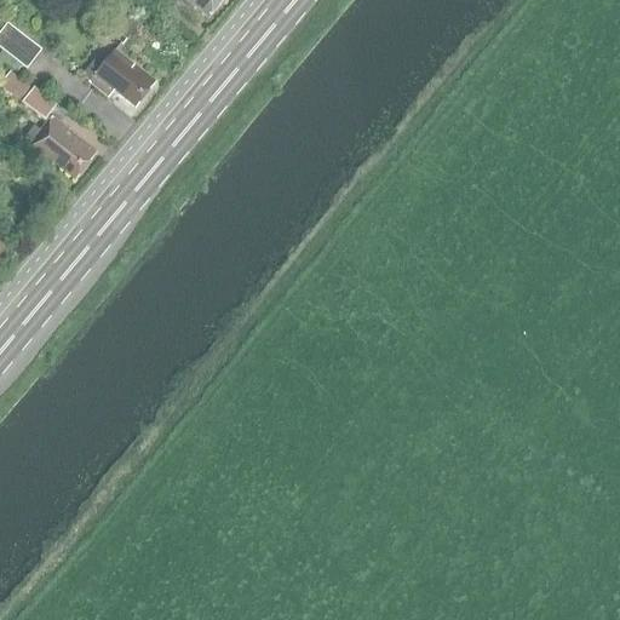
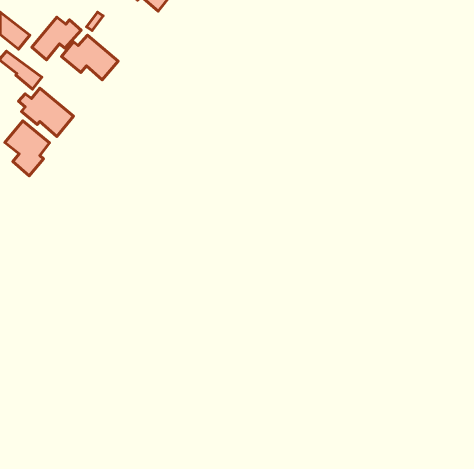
building: none -> [32,17,81,60]
building: none -> [5,121,50,176]

